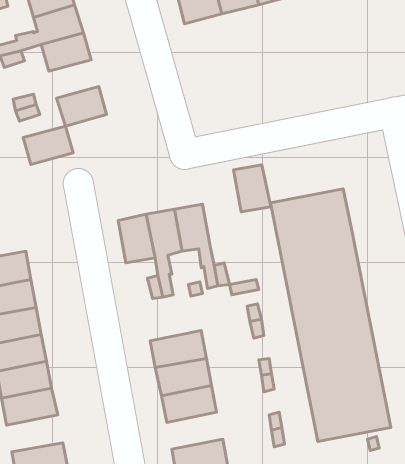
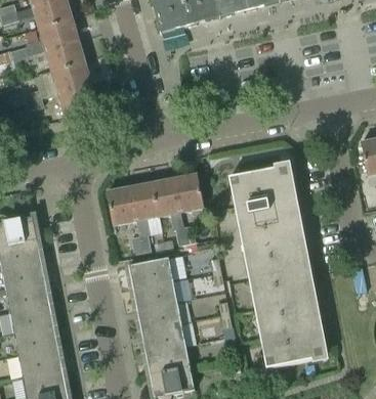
building: [23,126,73,164] -> [51,61,91,92]
building: [234,165,271,212] -> [174,173,204,211]
building: none -> [128,256,173,286]
building: none -> [145,344,191,373]
building: none -> [17,346,62,375]

